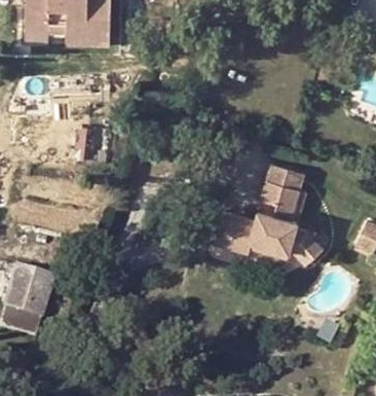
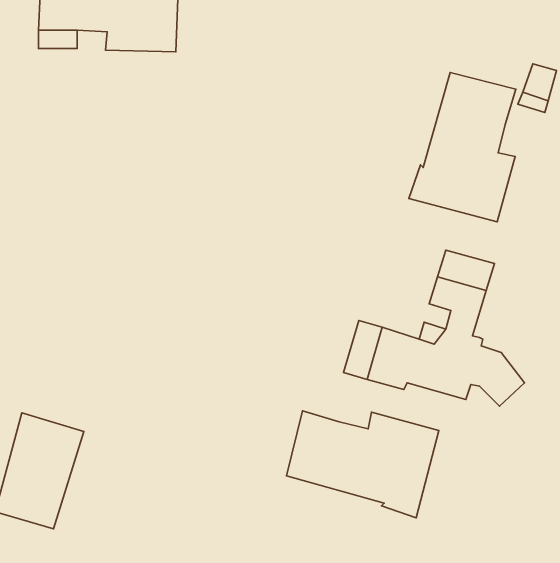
building: none -> [409,72,516,222]
building: none -> [286,411,439,518]

